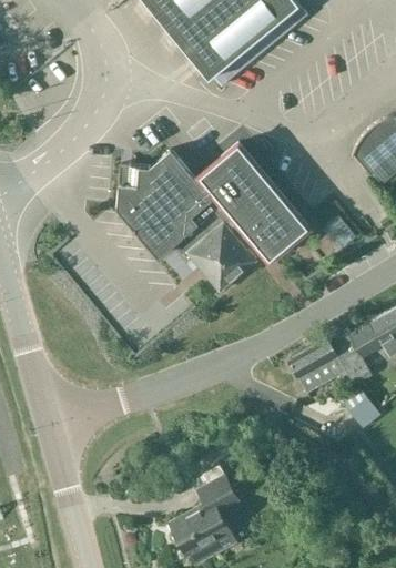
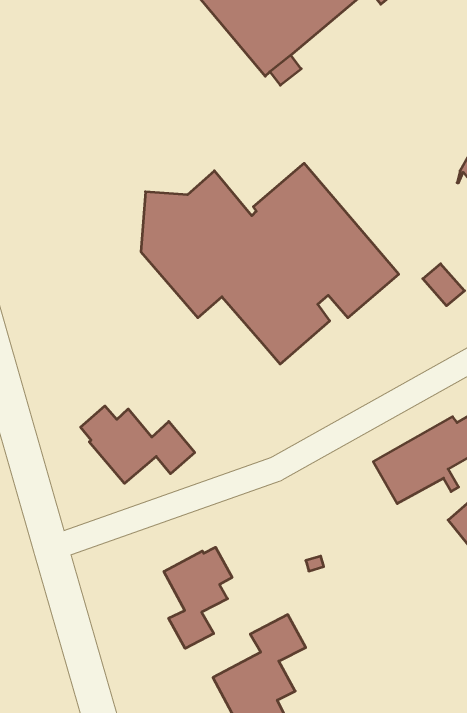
building: none -> [81,406,195,483]
building: none -> [164,547,232,648]

